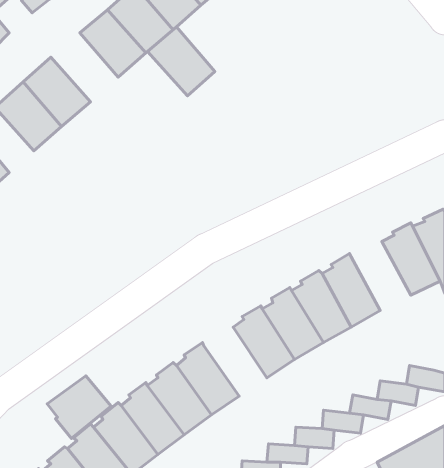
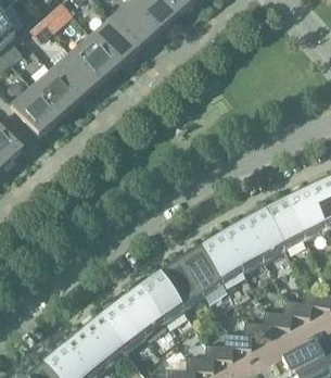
building: [147,27,215,96] -> [51,51,99,100]
building: none -> [264,197,306,248]
building: none -> [160,257,204,308]
building: [47,376,111,438] -> none

